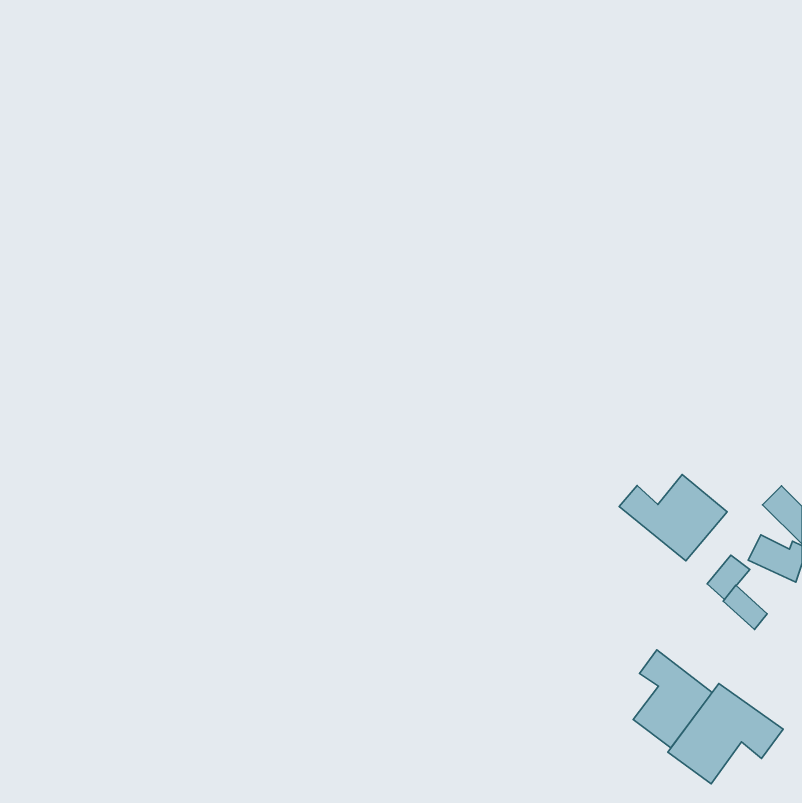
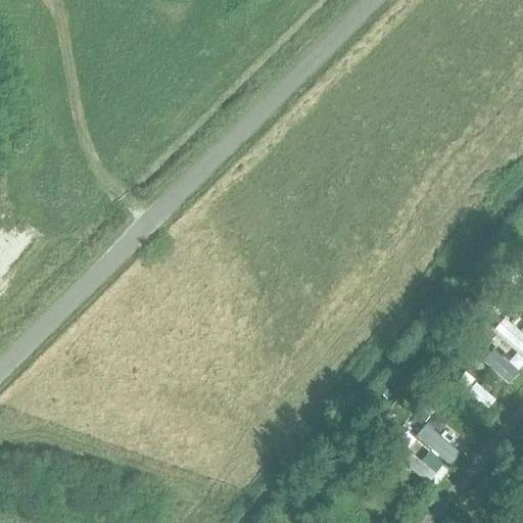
building: [619,474,727,561] -> none
building: [668,683,783,784] -> none

